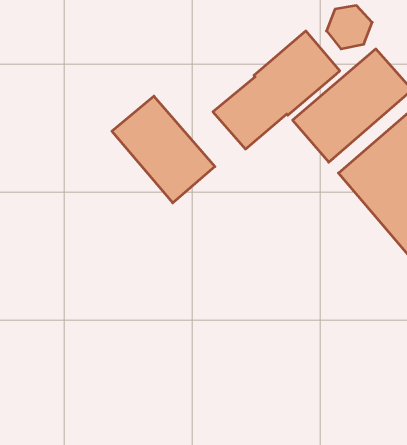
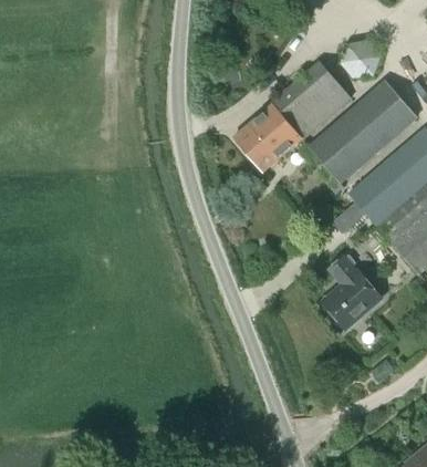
building: [112,96,215,203] -> none
building: none -> [323,259,382,330]

